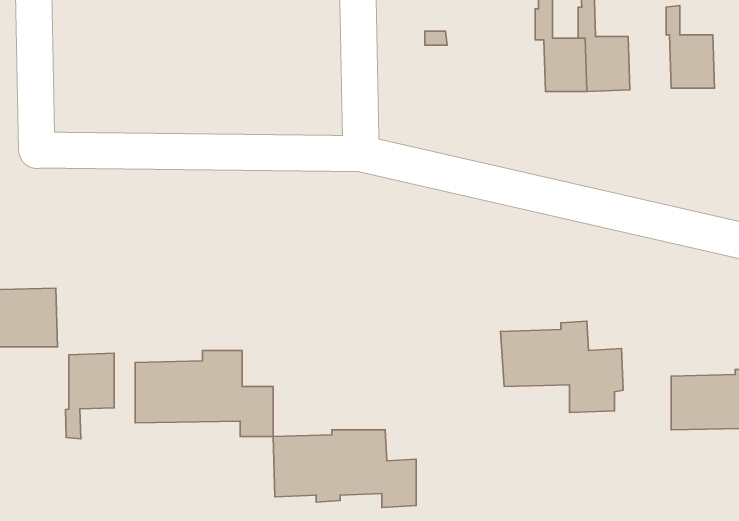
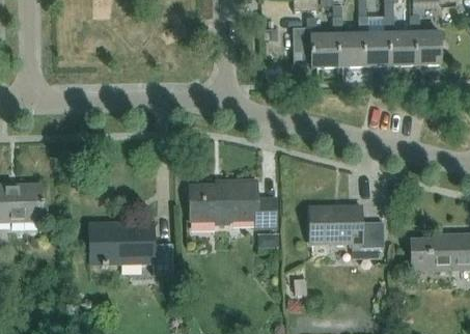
building: none -> [384,16,414,65]
building: none -> [295,18,338,67]
building: [65,353,114,439] -> none
building: [273,430,416,507] -> [192,180,278,227]

